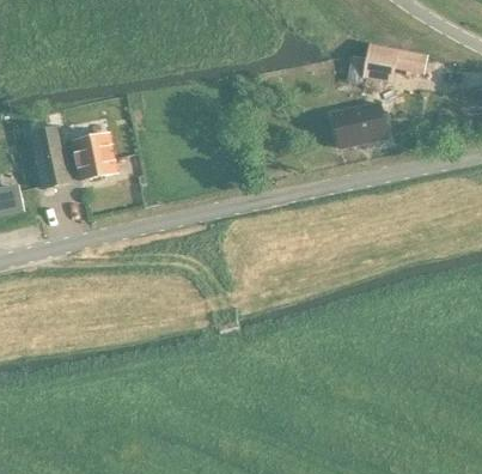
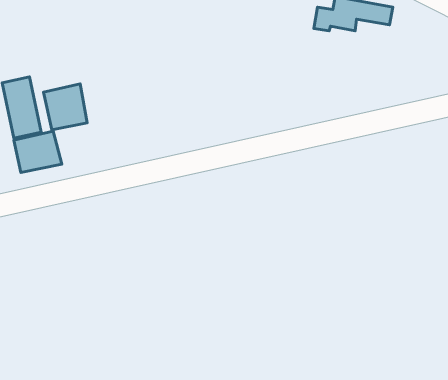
building: [330,102,385,146] -> none
building: none -> [14,131,62,173]

